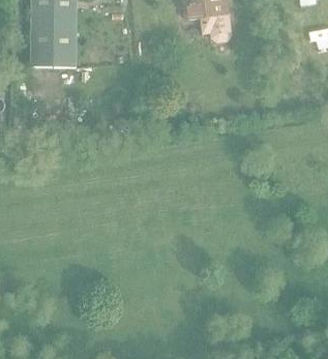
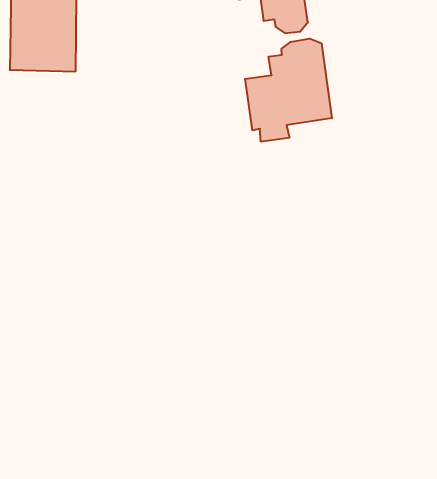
building: none -> [245,39,332,142]

